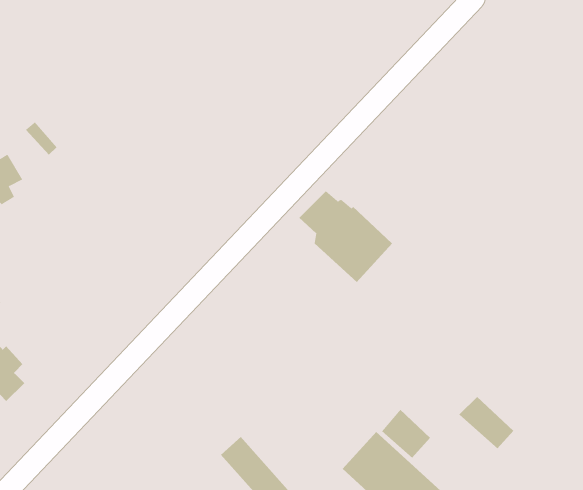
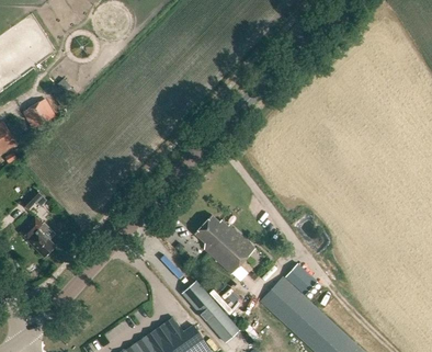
building: [299,191,393,283] -> [194,214,254,273]
building: [459,396,514,449] -> none

